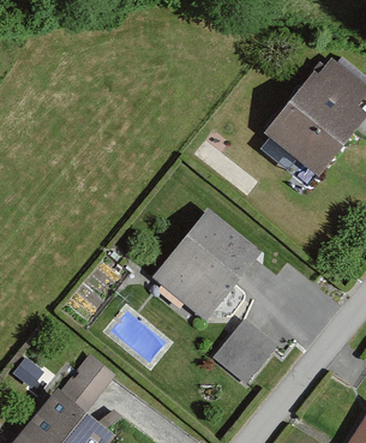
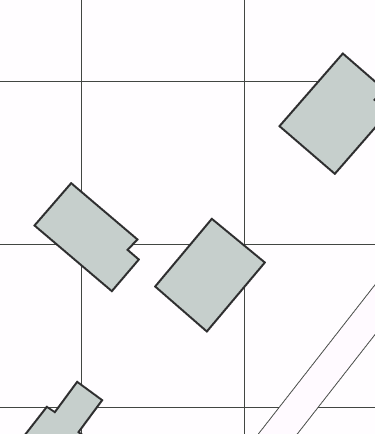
building: none -> [34,183,139,291]
building: [211,315,277,382] -> none

